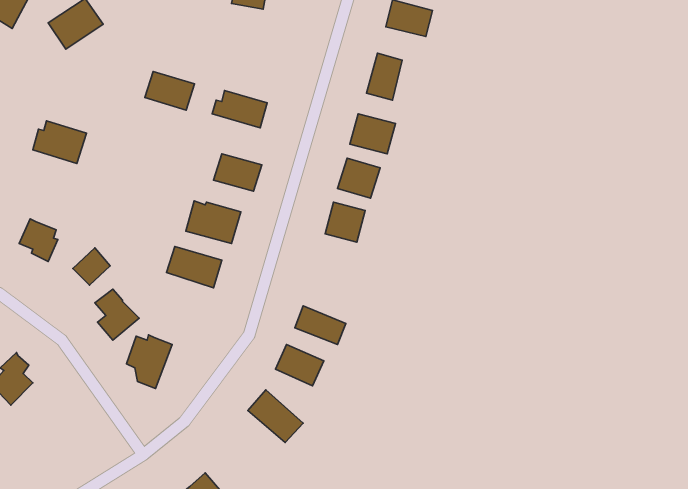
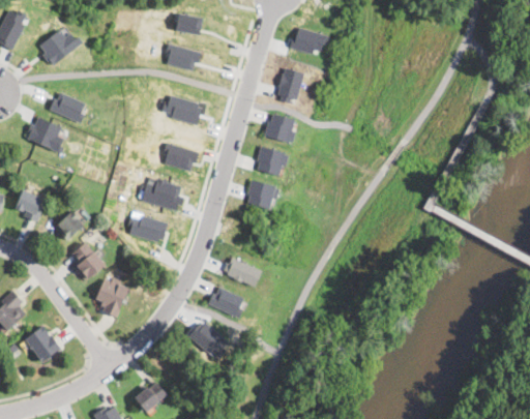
building: none -> [164,43,200,71]
building: [145,71,194,110] -> [50,92,87,121]
building: none -> [25,327,61,363]

